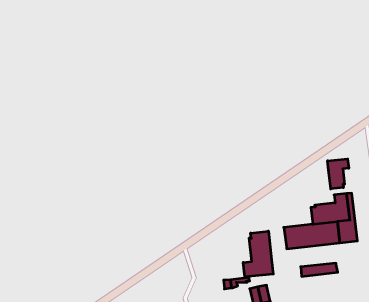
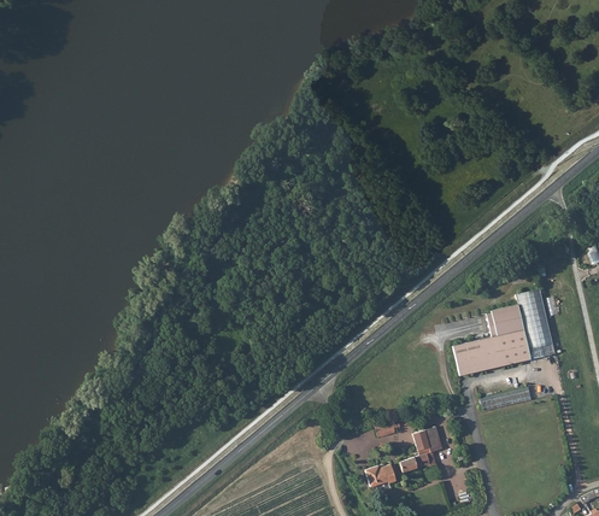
building: [328,159,349,189] -> none
building: [243,231,273,277] -> none

